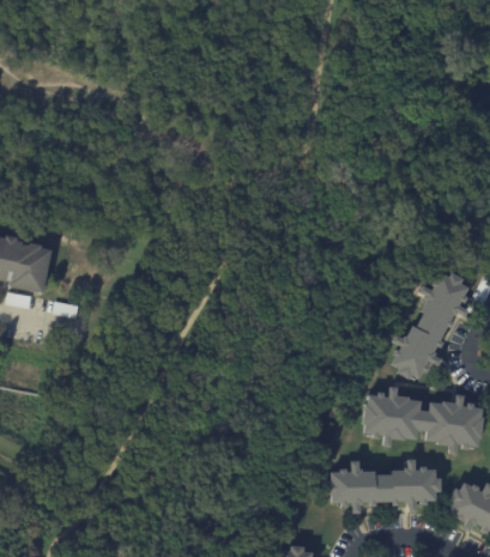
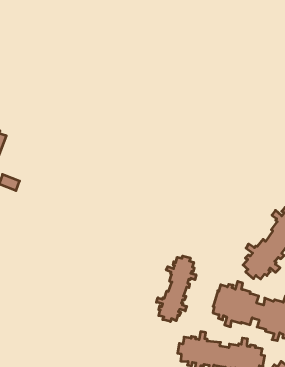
building: none -> [156,256,196,322]

